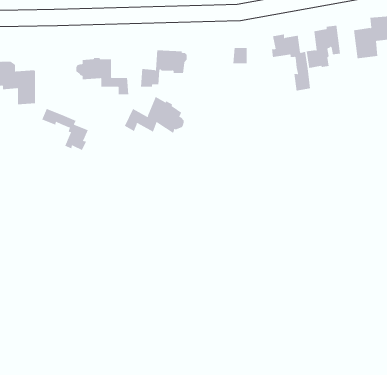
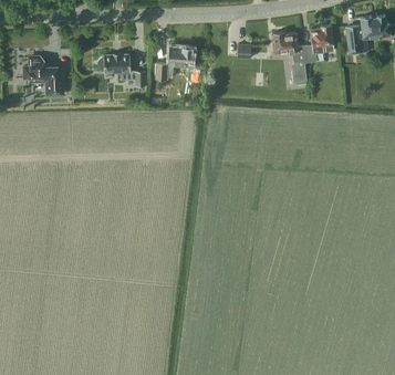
building: [124,96,184,134] -> none
building: [41,108,89,151] -> none

